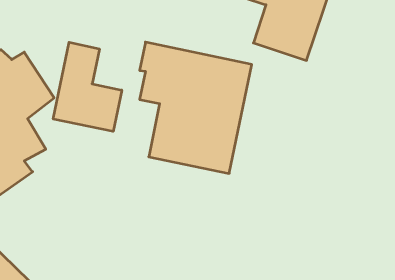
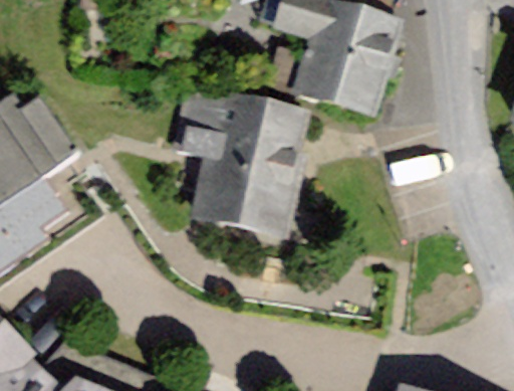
building: [53,42,122,131] -> none

